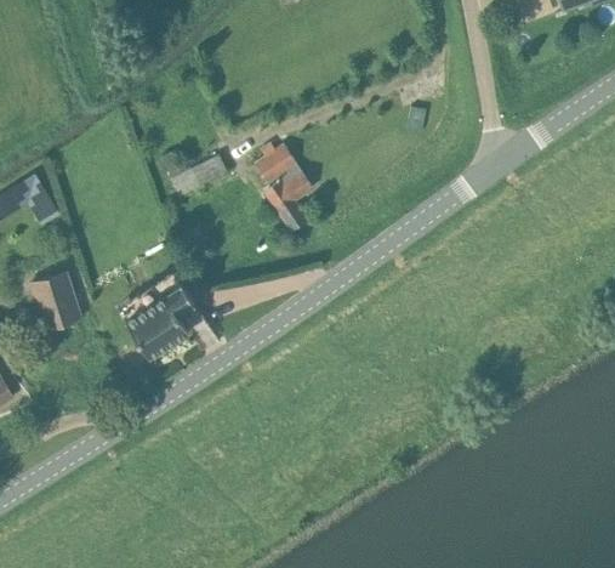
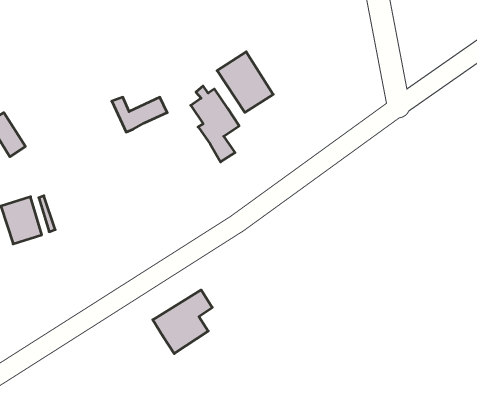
building: none -> [217,52,273,112]
building: [124,283,194,358] -> [153,290,212,354]

